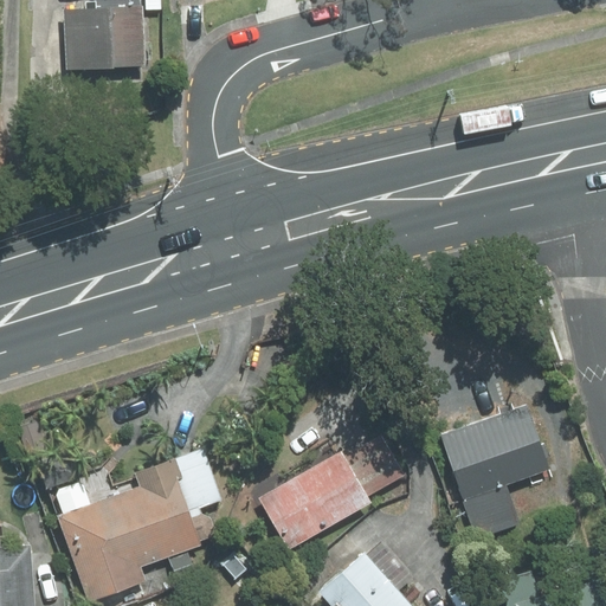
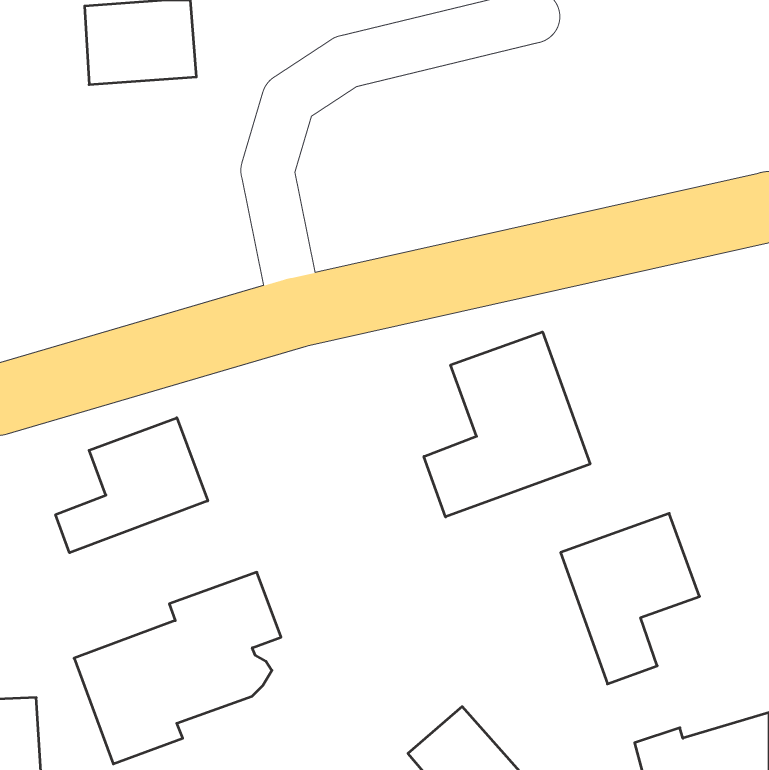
building: none -> [424,332,590,517]
building: none -> [56,418,208,553]
building: [258,431,402,550] -> none

